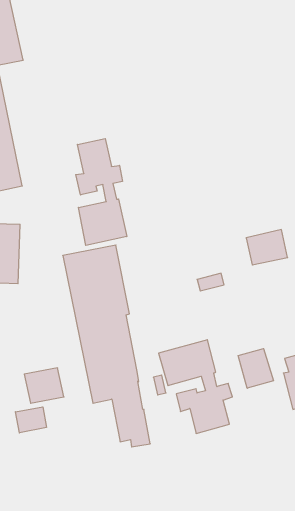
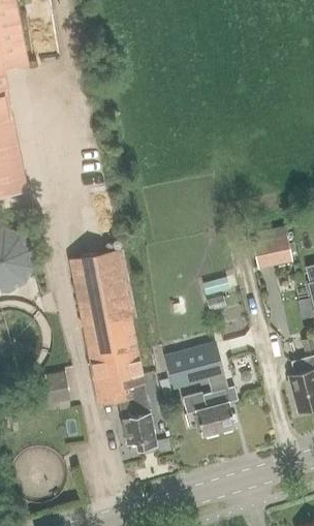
building: [76,139,127,245] -> none
building: [238,349,273,388] -> none
building: [15,407,46,433] -> none

